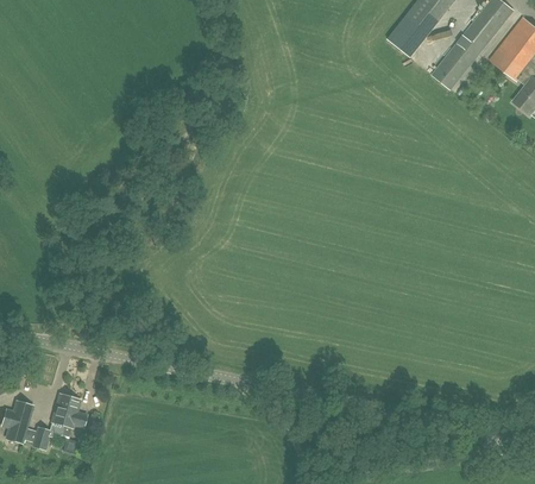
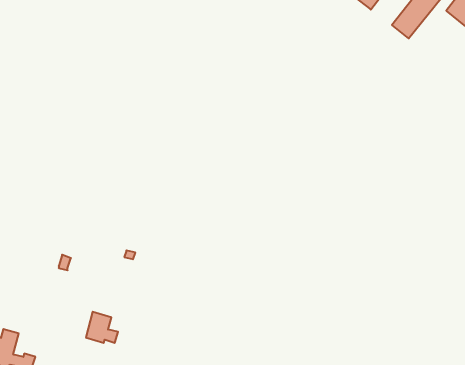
building: [52,392,87,426] -> [86,312,118,343]

